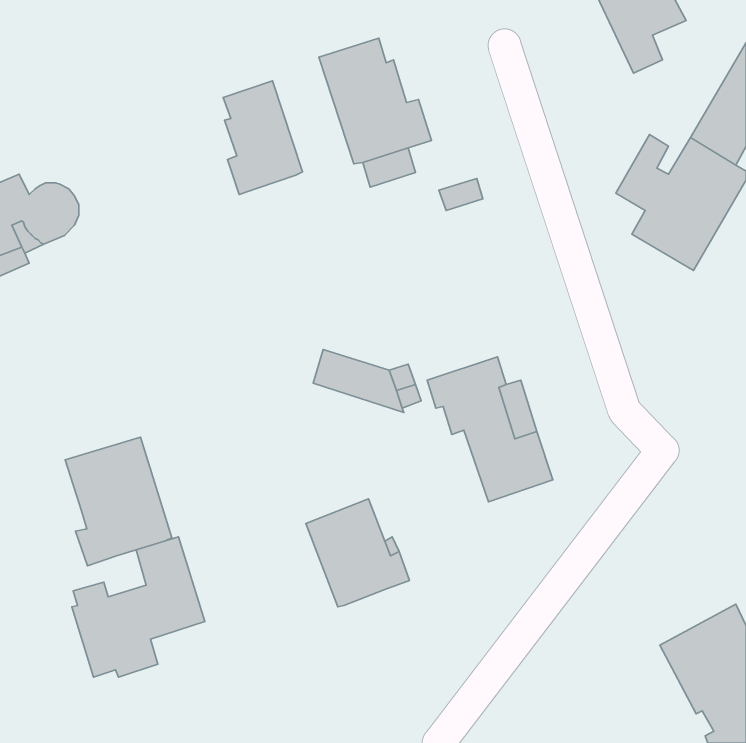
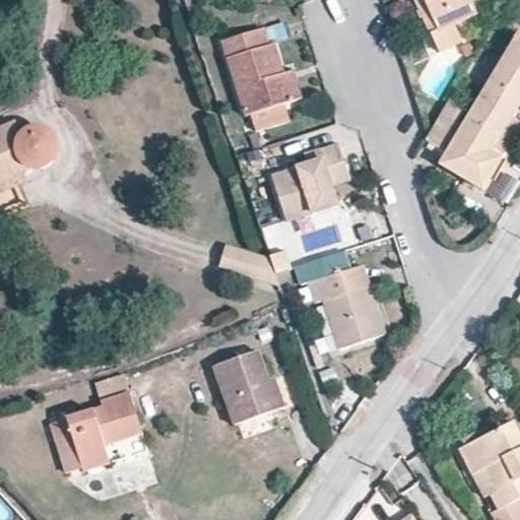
building: [223,81,302,194] -> none
building: none -> [272,141,349,232]
building: [65,437,172,566] -> none

